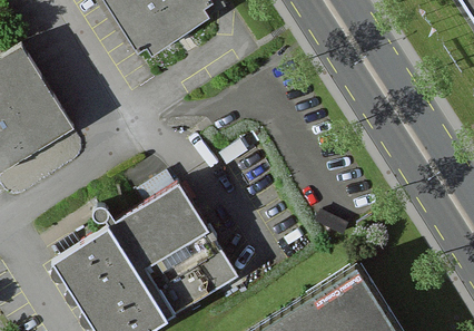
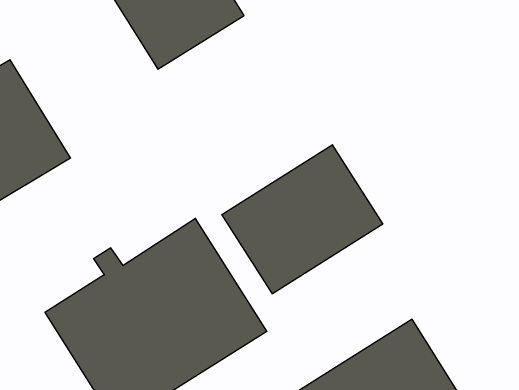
building: none -> [222,145,383,294]

